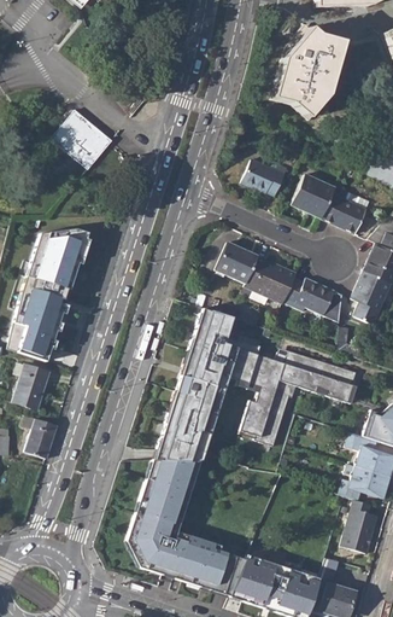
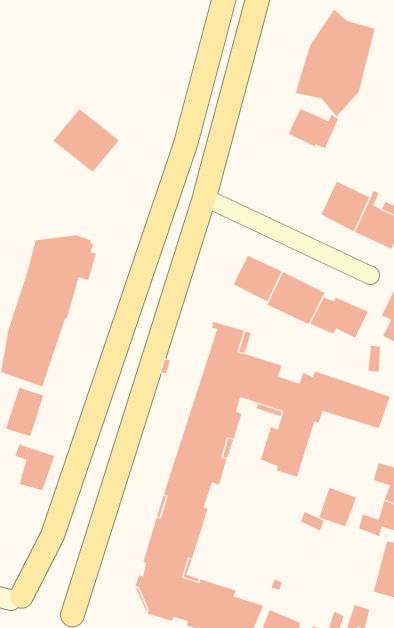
building: [245,163,291,199] -> [288,108,339,149]
building: none -> [318,487,357,527]

